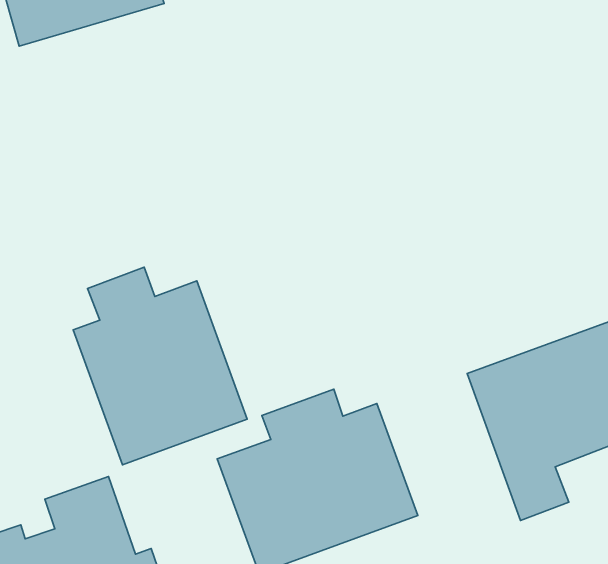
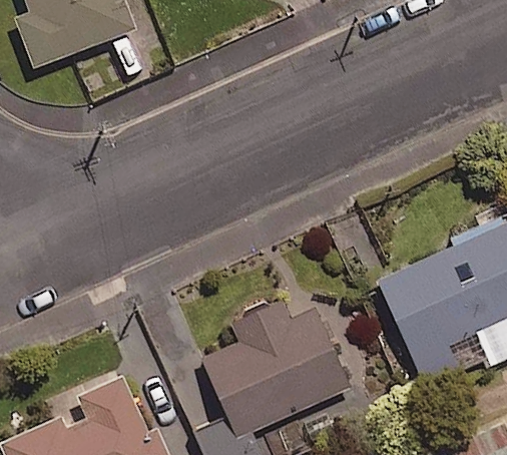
building: [73,267,247,465] -> none

